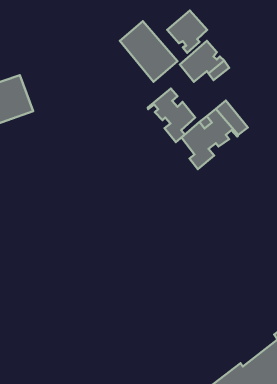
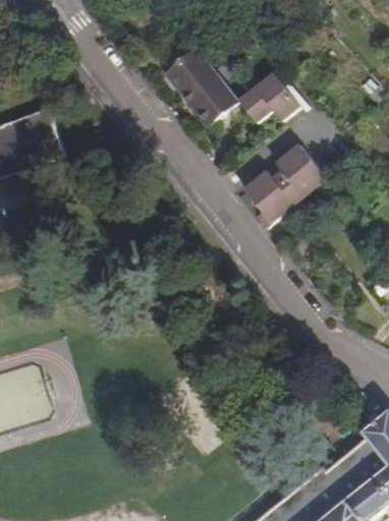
building: [167,11,207,53] -> none
building: [148,89,195,142] -> none

